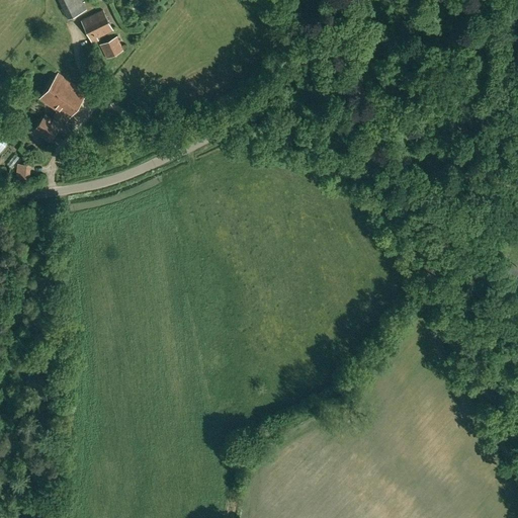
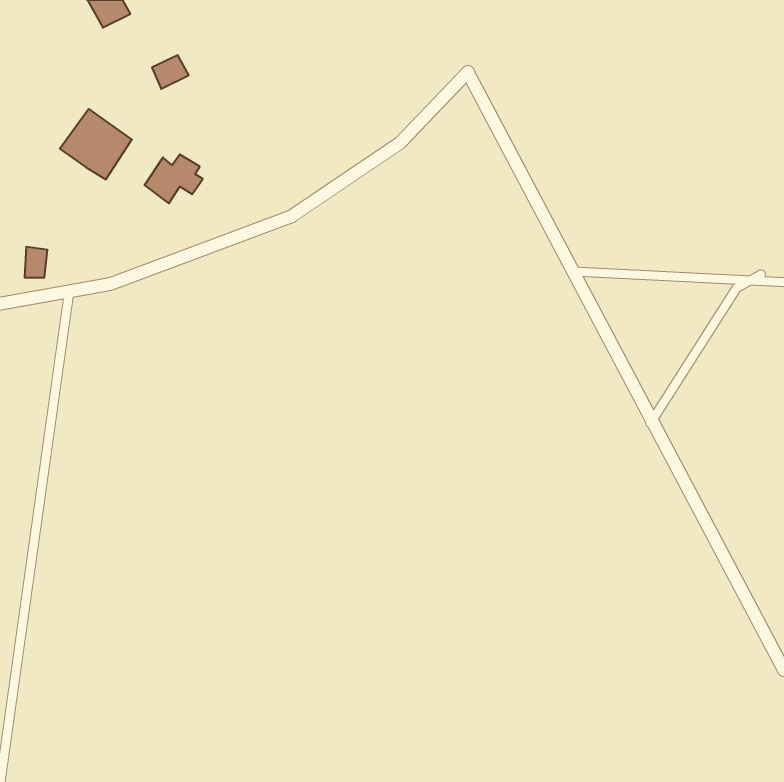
building: [81,10,114,45] -> none
building: [33,111,72,144] -> [144,154,203,203]

